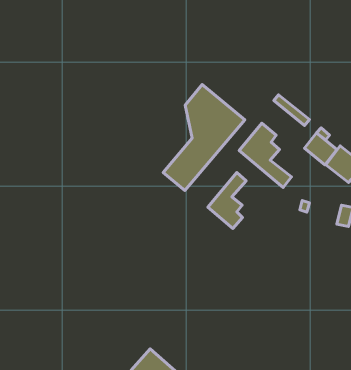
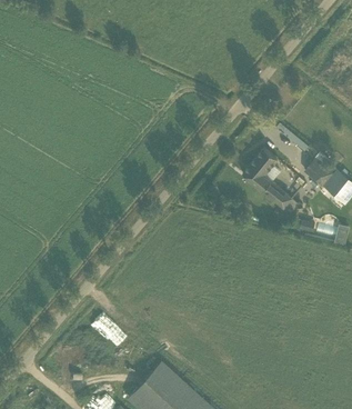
building: [163,84,245,191] -> none
building: [208,173,246,229] -> none

